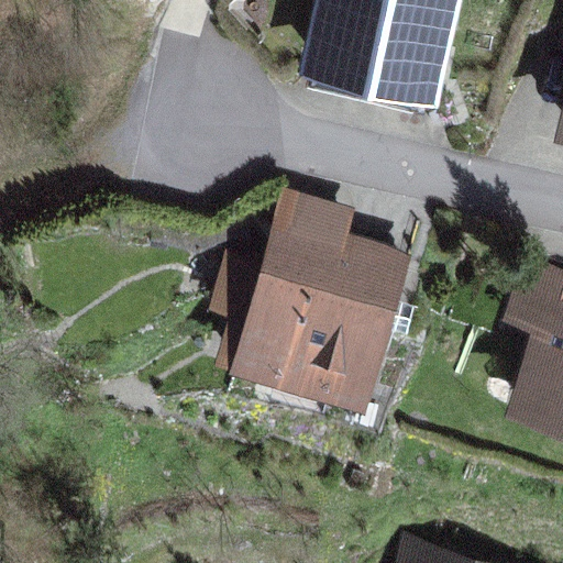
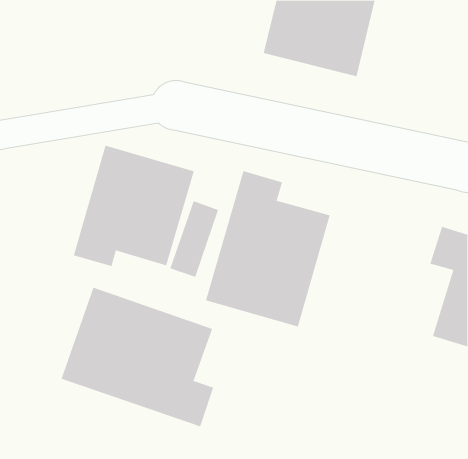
building: none -> [73,145,194,267]
building: none -> [61,287,214,427]

